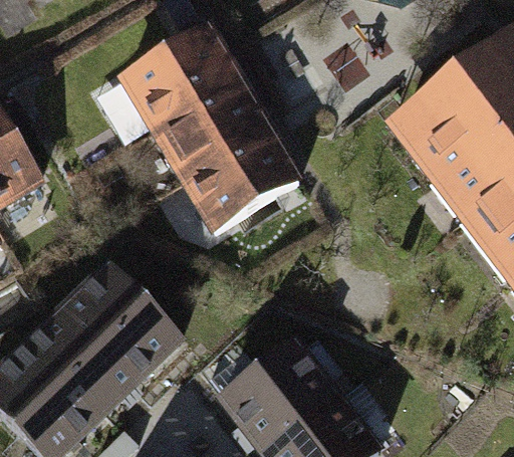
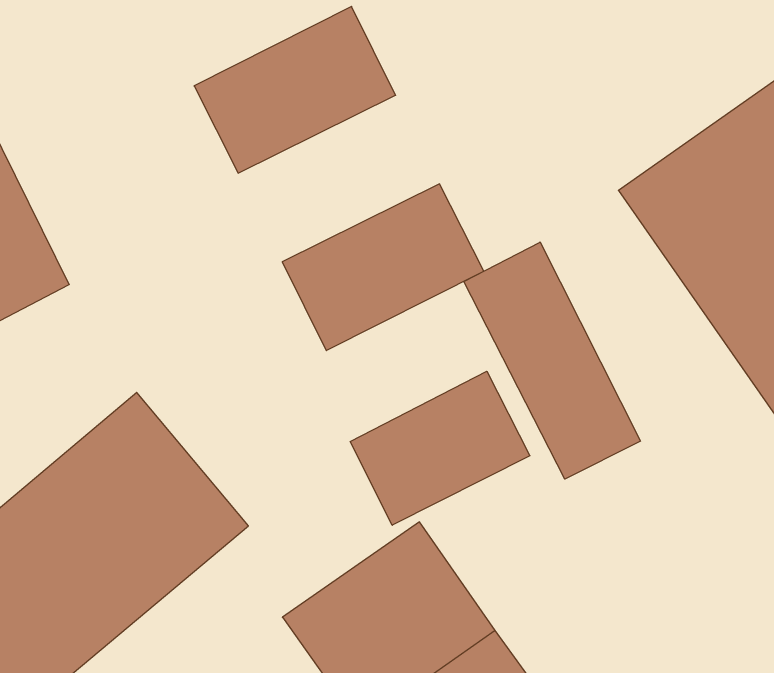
building: [155,74,279,181] -> none
building: none -> [464,242,640,479]
building: none -> [350,371,530,525]

